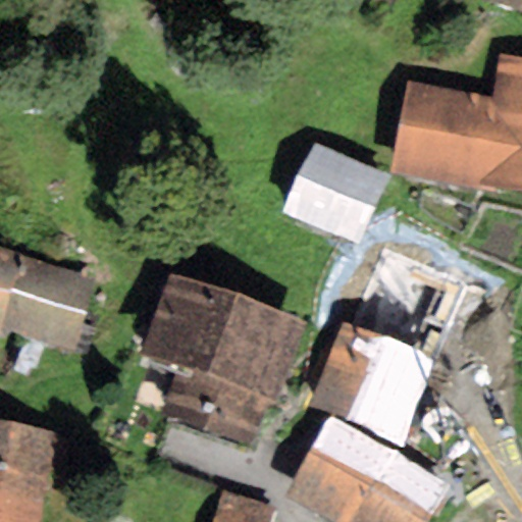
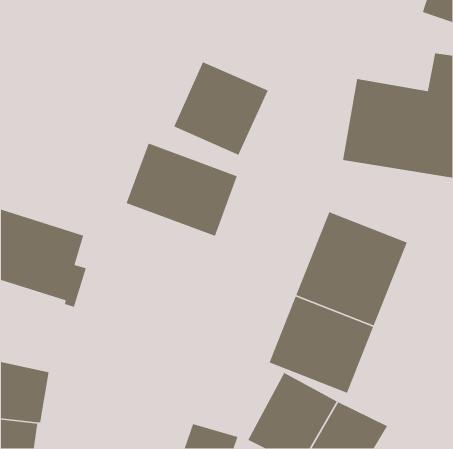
building: [281,149,392,258] -> [173,61,269,156]
building: none -> [126,142,238,237]
building: [141,267,305,443] -> none

